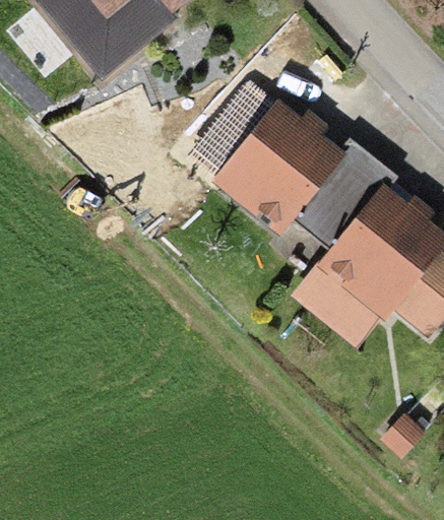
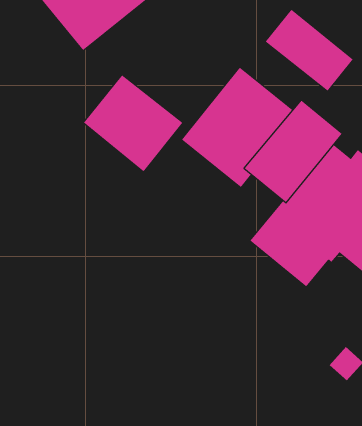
building: none -> [265,9,354,91]
building: none -> [83,74,183,172]

